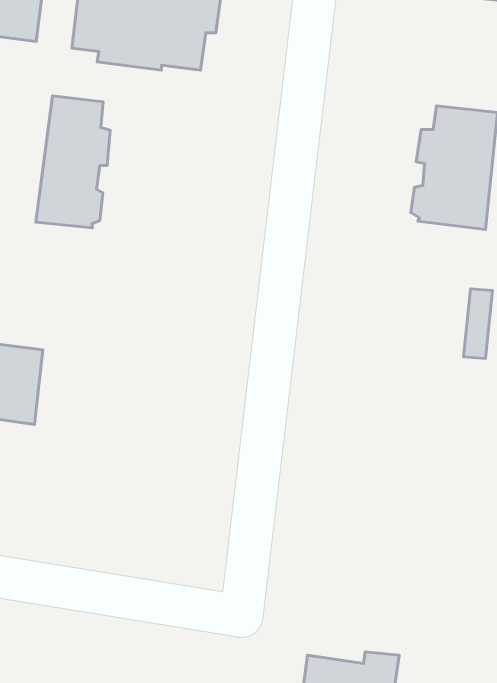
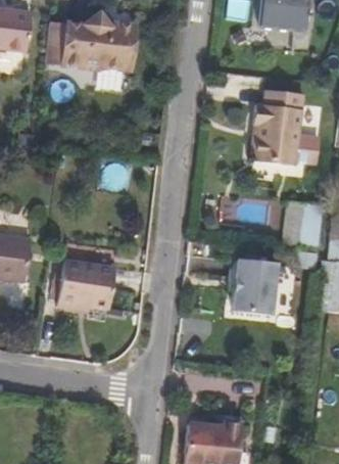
building: [36,96,110,228] -> none
building: none -> [235,258,278,314]
building: none -> [56,260,114,310]

